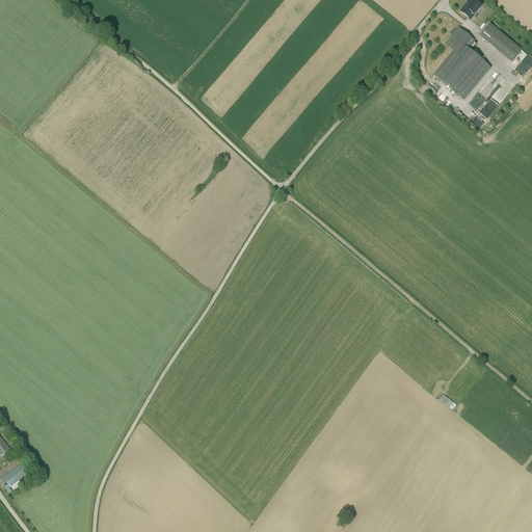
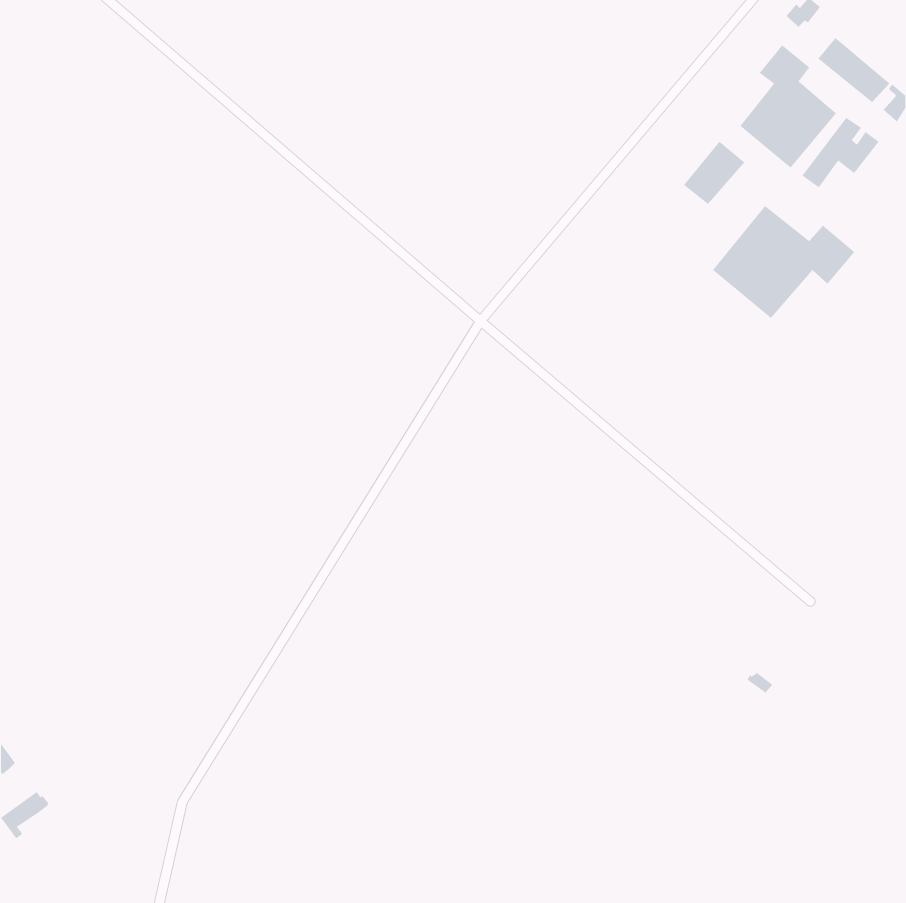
building: none -> [683,141,745,205]
building: none -> [712,205,855,319]

